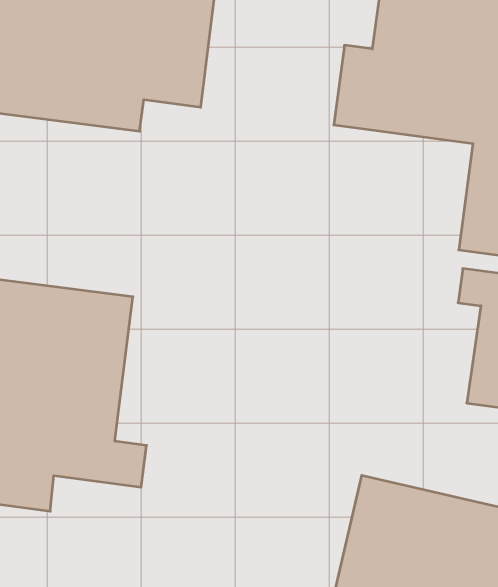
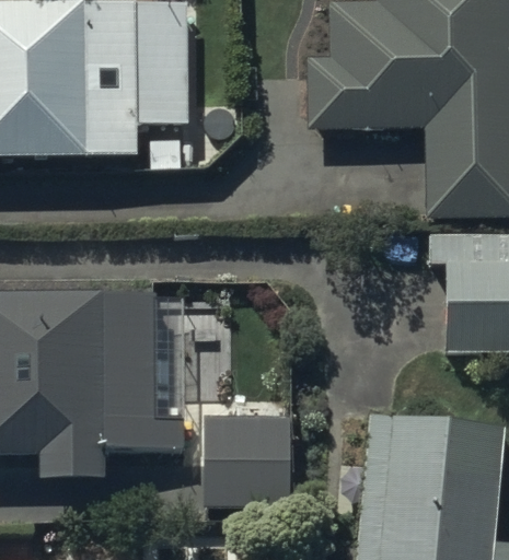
building: none -> [203,417,287,511]

